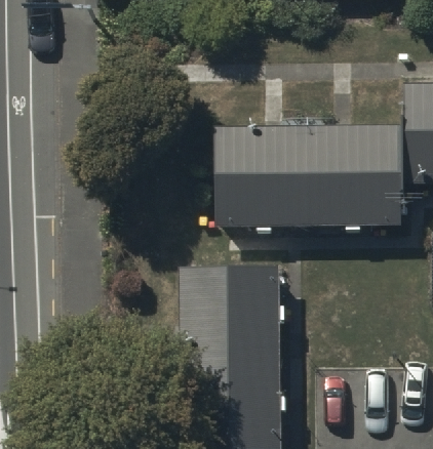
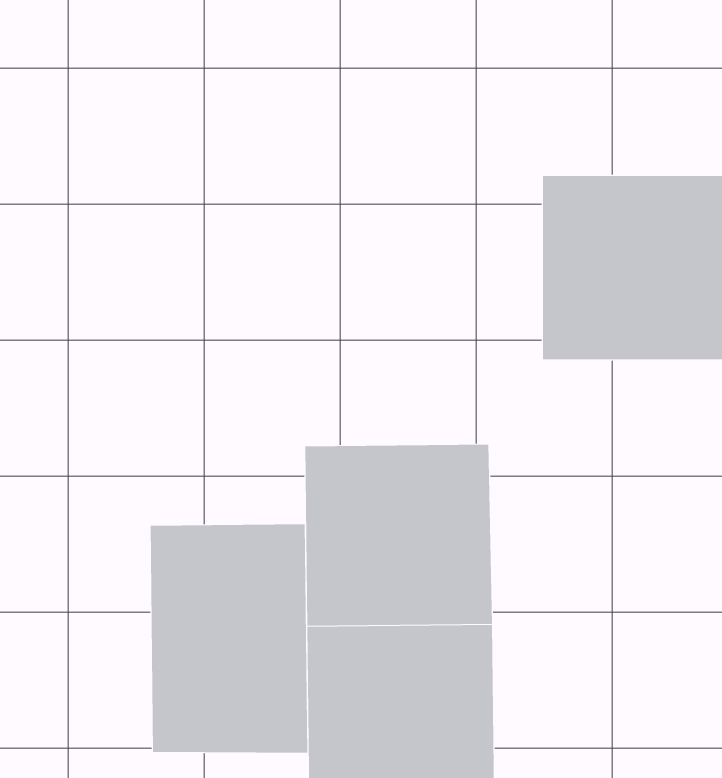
building: [216,128,308,226] -> none
building: none -> [150,523,308,753]

